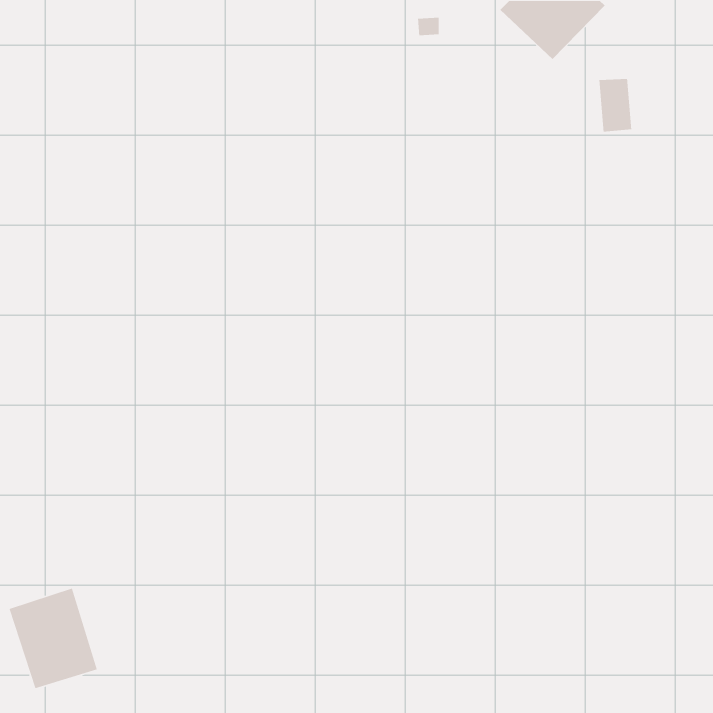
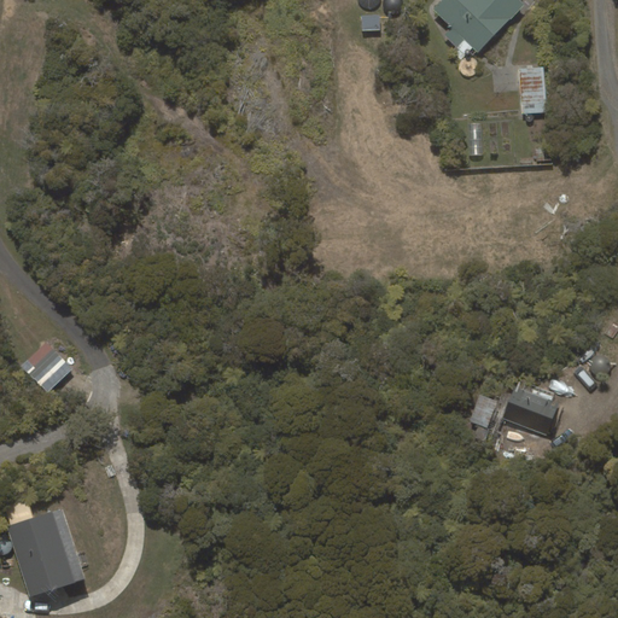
building: none -> [22,343,72,393]
building: none -> [502,387,558,435]

